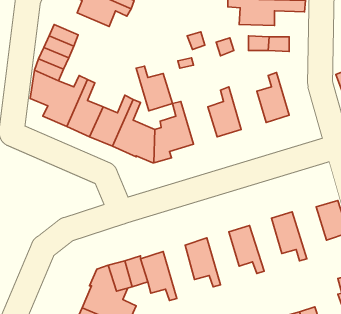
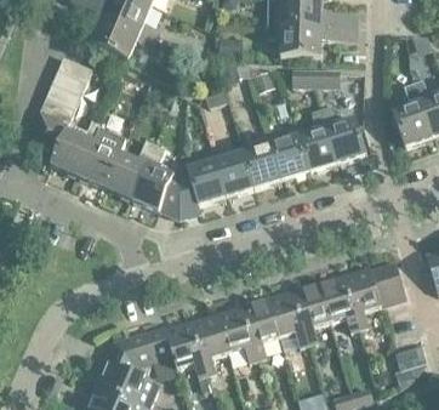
building: [136,66,173,111] -> [212,144,255,197]
building: none -> [324,110,367,163]
building: none -> [268,127,312,180]
building: none -> [342,267,382,330]
building: none -> [292,283,330,344]
building: none -> [243,298,280,360]
building: none -> [192,314,228,376]

